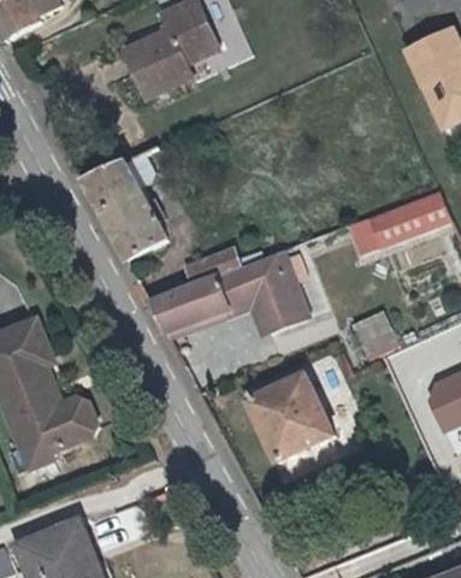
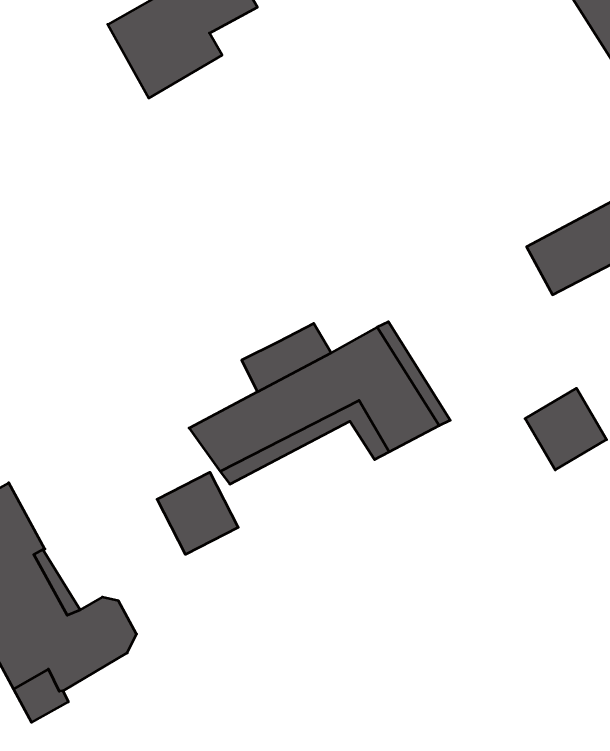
building: [82,159,165,259] -> none
building: none -> [157,472,238,554]
building: [248,374,335,460] -> none

